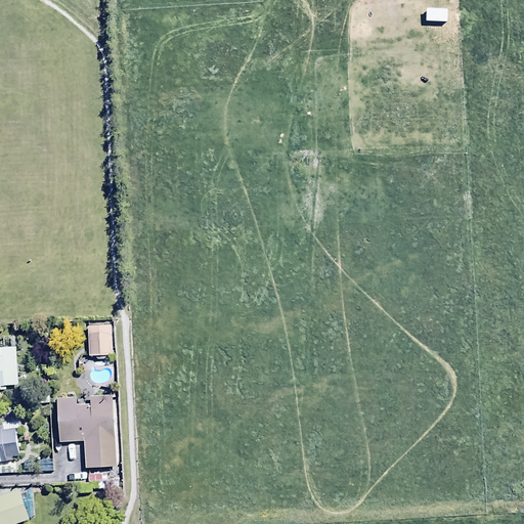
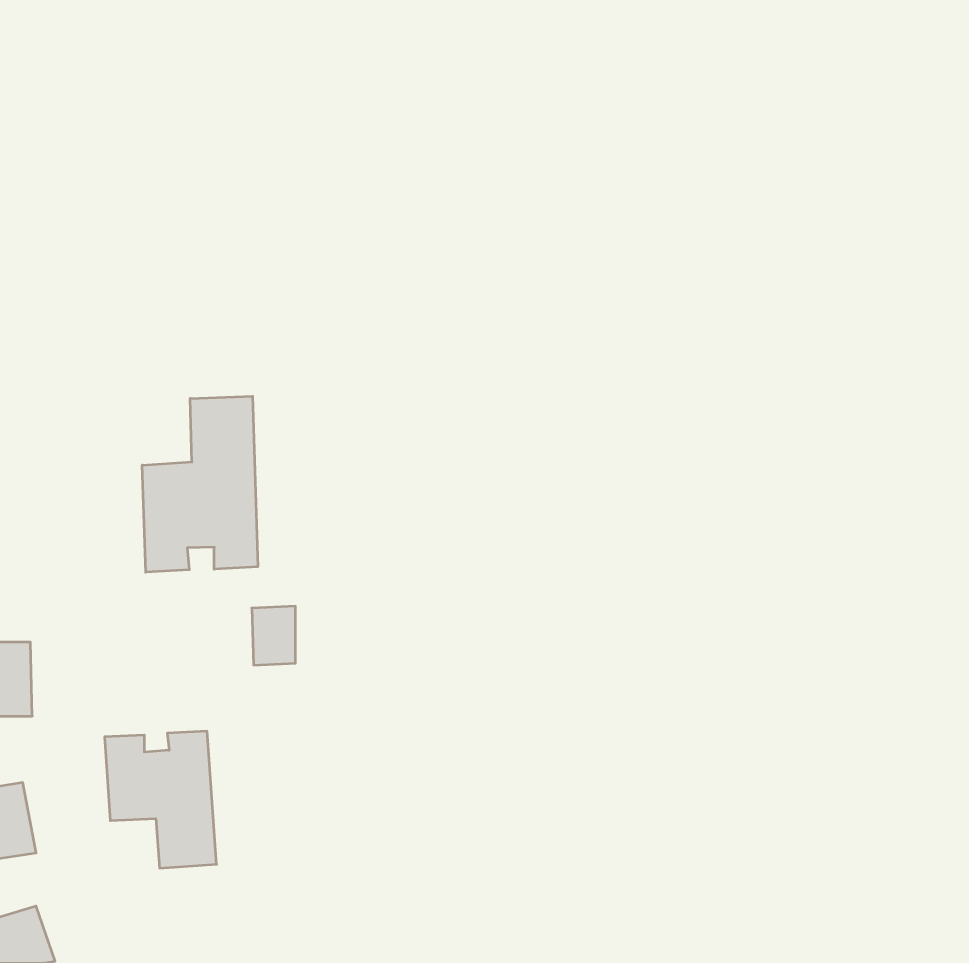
building: none -> [142,396,258,572]
building: [88,324,112,356] -> [252,606,295,665]

